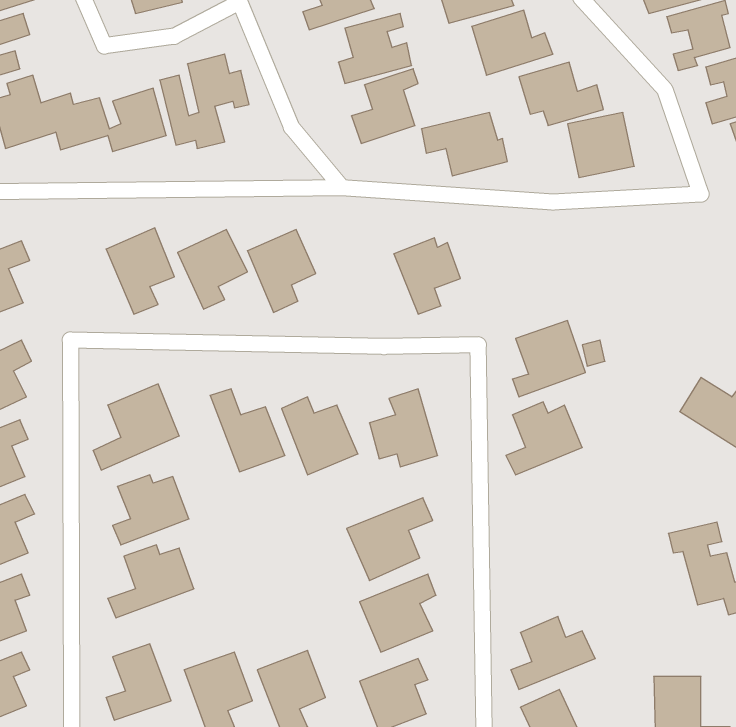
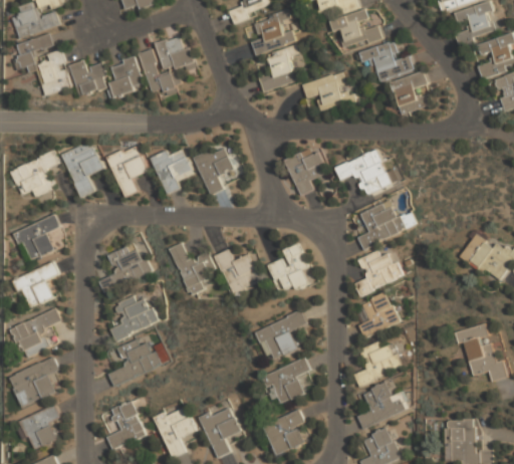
building: none -> [61,141,104,198]
building: none -> [334,151,391,196]
building: none -> [354,293,399,338]
building: none -> [353,342,400,387]

